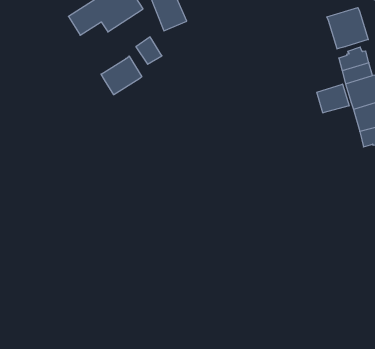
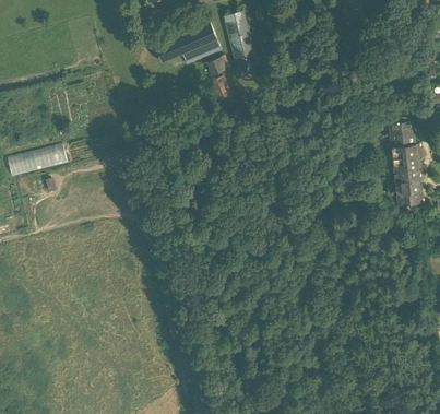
building: [327,8,368,49] -> none
building: [101,56,142,95] -> none
building: [317,84,349,113] -> none

